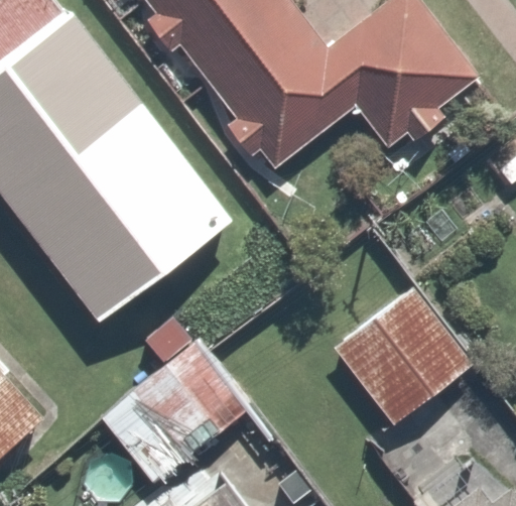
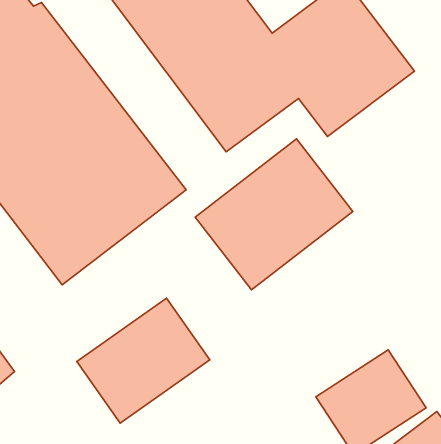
building: none -> [195,139,353,290]
building: [333,280,478,421] -> none

